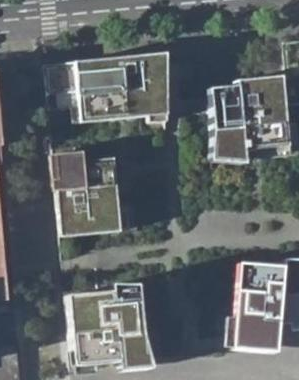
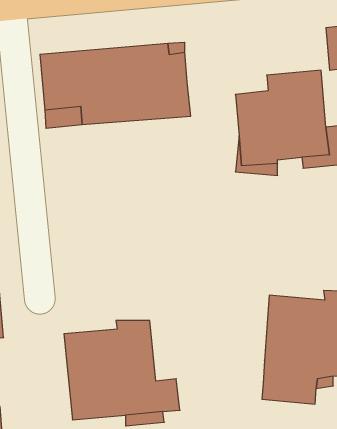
building: [54,151,122,236] -> none

